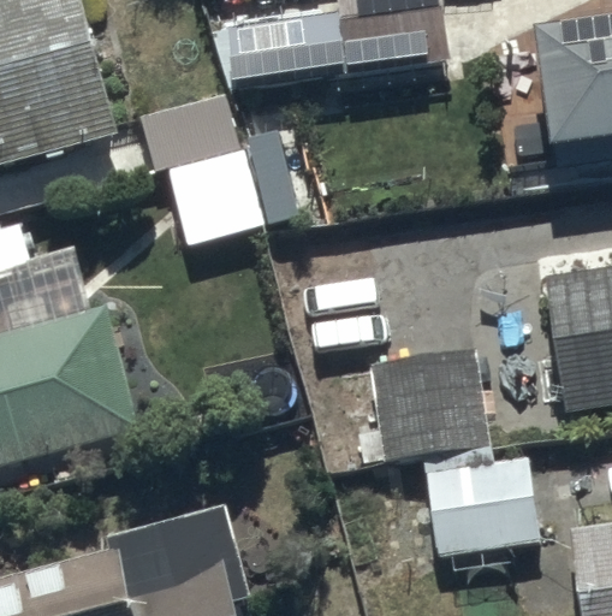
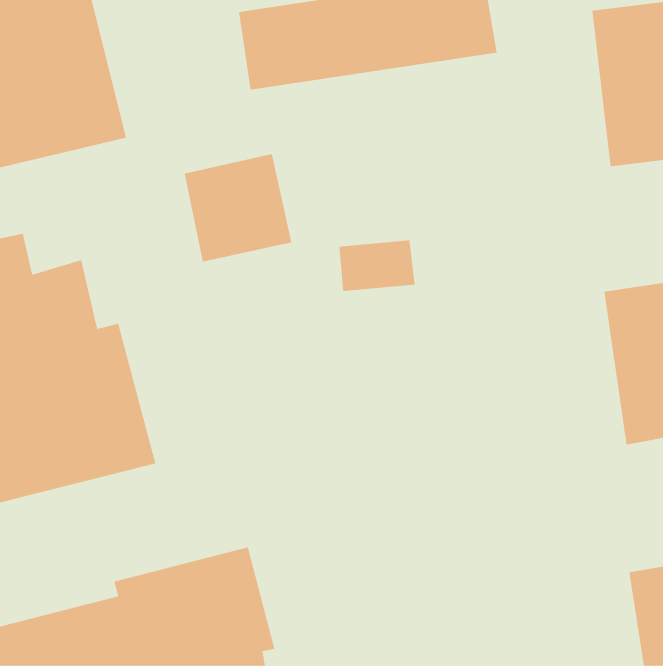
building: [370,350,486,460] -> none
building: [426,451,539,556] -> none

